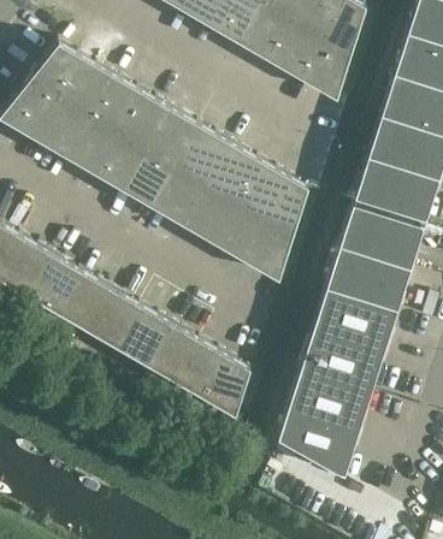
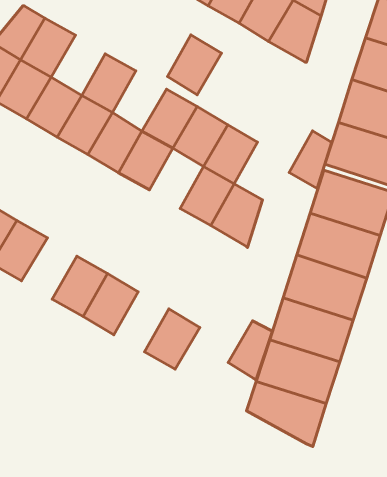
building: [85,73,138,132] -> none
building: [146,108,199,167] -> [168,35,222,95]
building: [265,178,307,235] -> [289,131,332,189]
building: [182,184,235,243] -> none
building: [57,272,111,332] -> none
building: [147,325,201,384] -> none
building: [207,360,250,417] -> [228,321,272,380]

